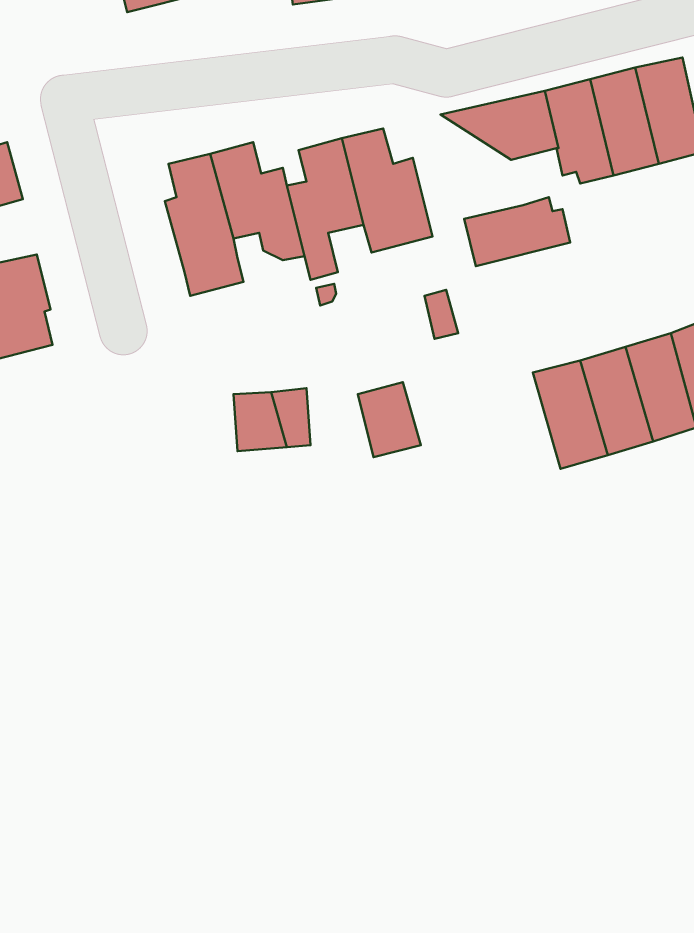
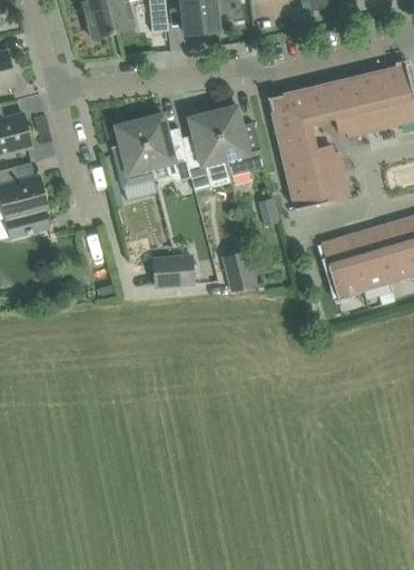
building: none -> [268,97,315,156]
building: none -> [288,169,348,209]

